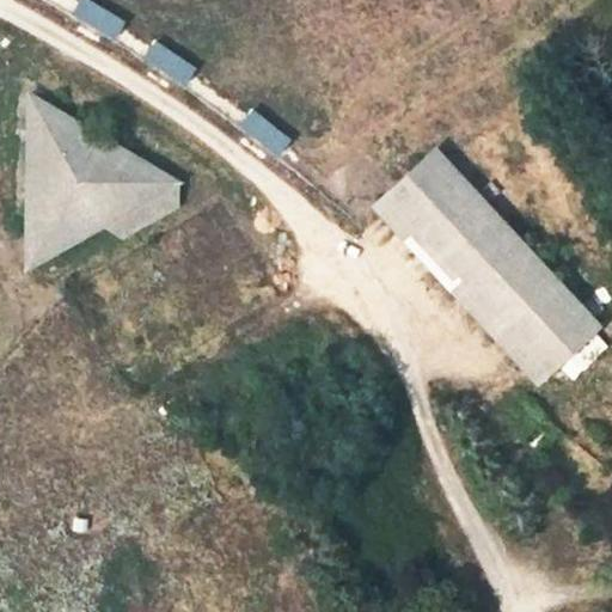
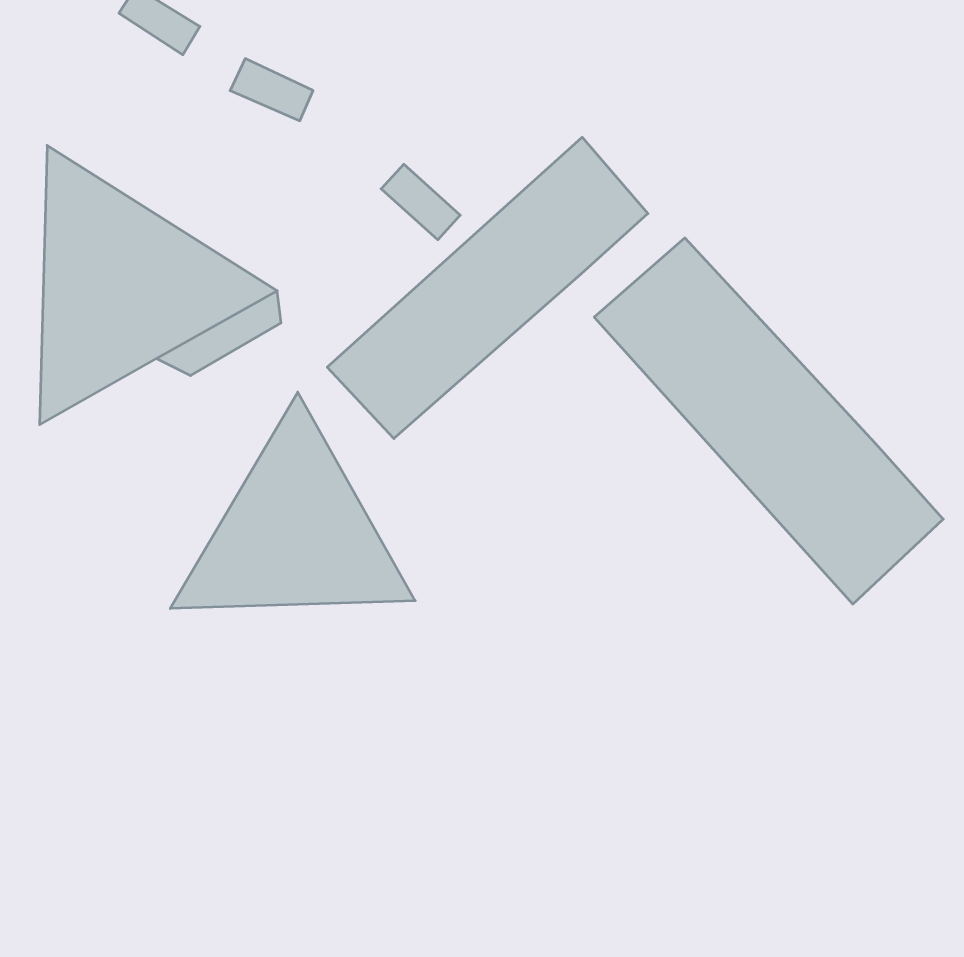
building: none -> [327,137,648,439]
building: none -> [170,392,415,609]

